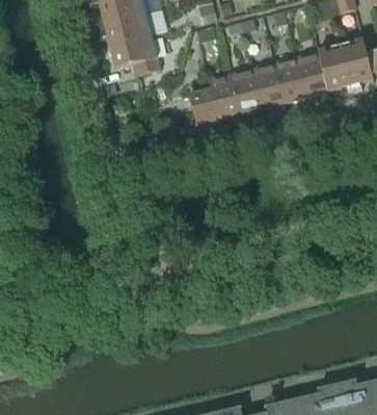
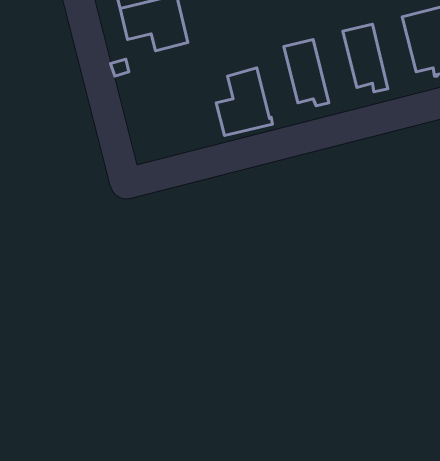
building: [296,51,328,104] -> none
building: [252,61,285,114] -> none
building: [208,73,241,126] -> none

